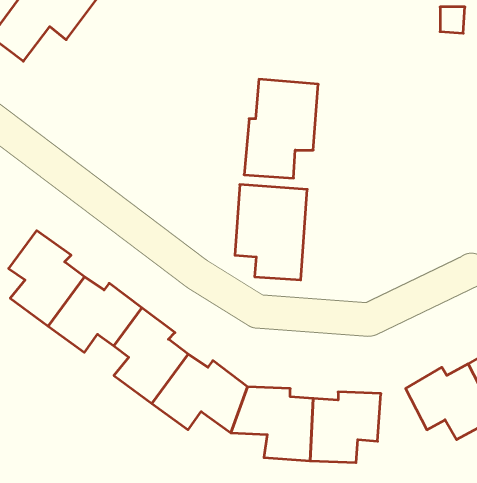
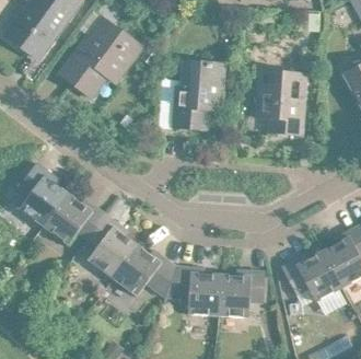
building: none -> [60,18,136,97]
building: [235,185,307,280] -> [257,71,305,135]

